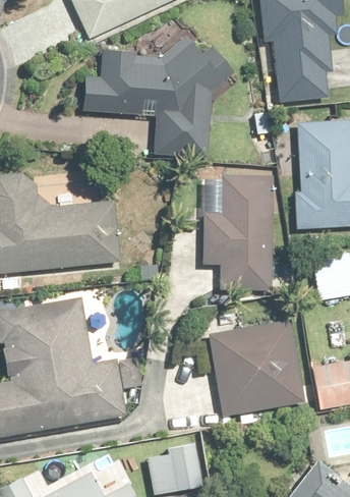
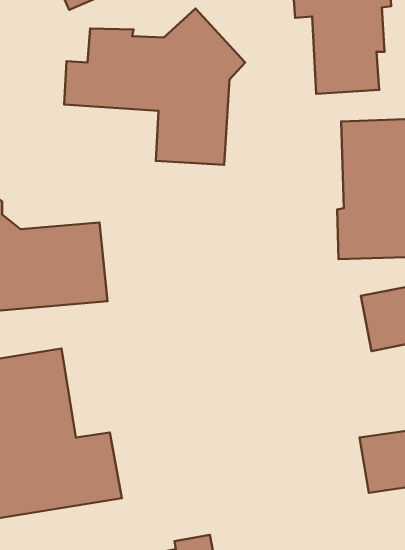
building: [203,174,275,290] -> none
building: [211,321,304,415] -> none

